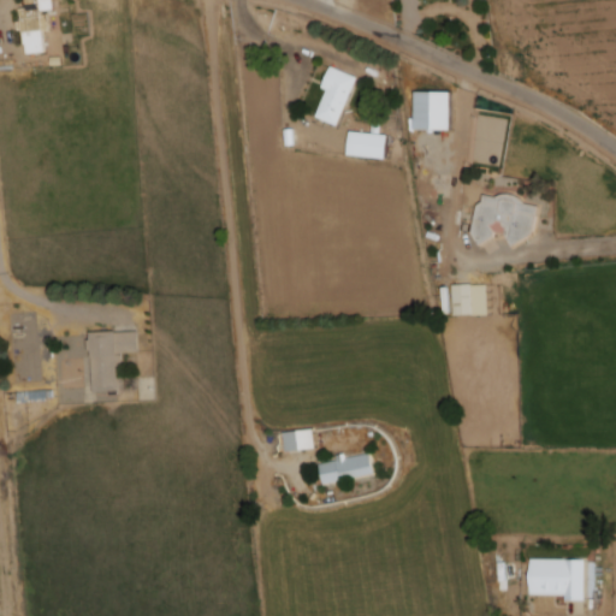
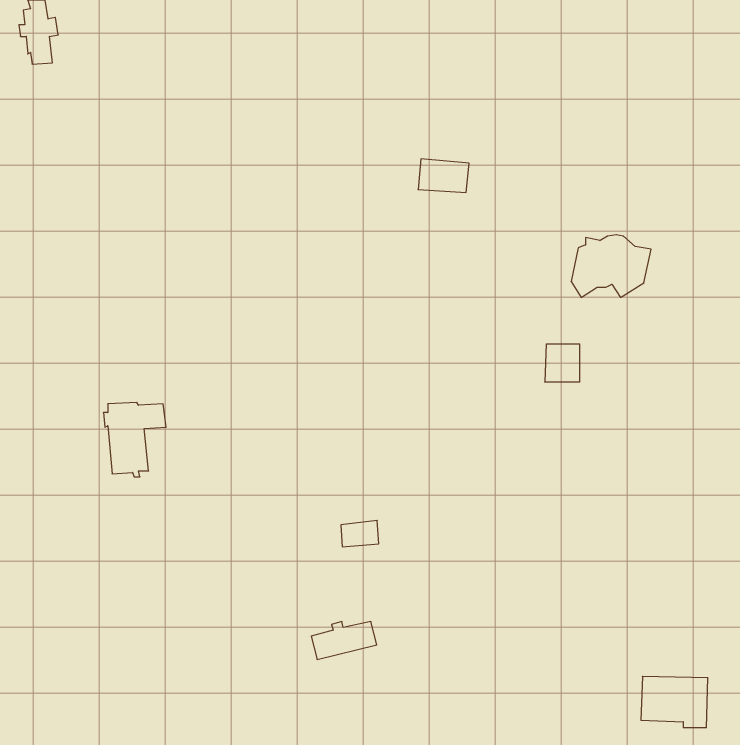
building: [314,66,355,125] -> none
building: [410,91,448,129] -> none
building: [319,454,373,485] -> [311,622,377,659]

